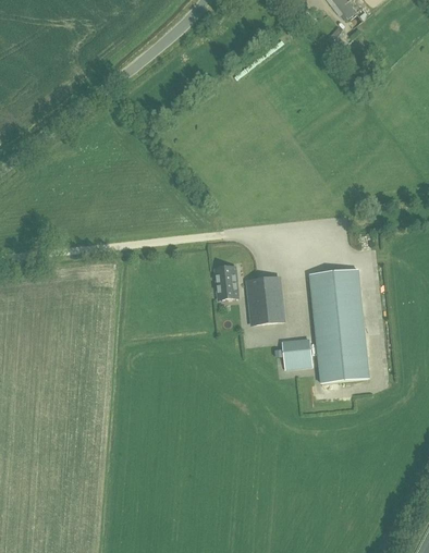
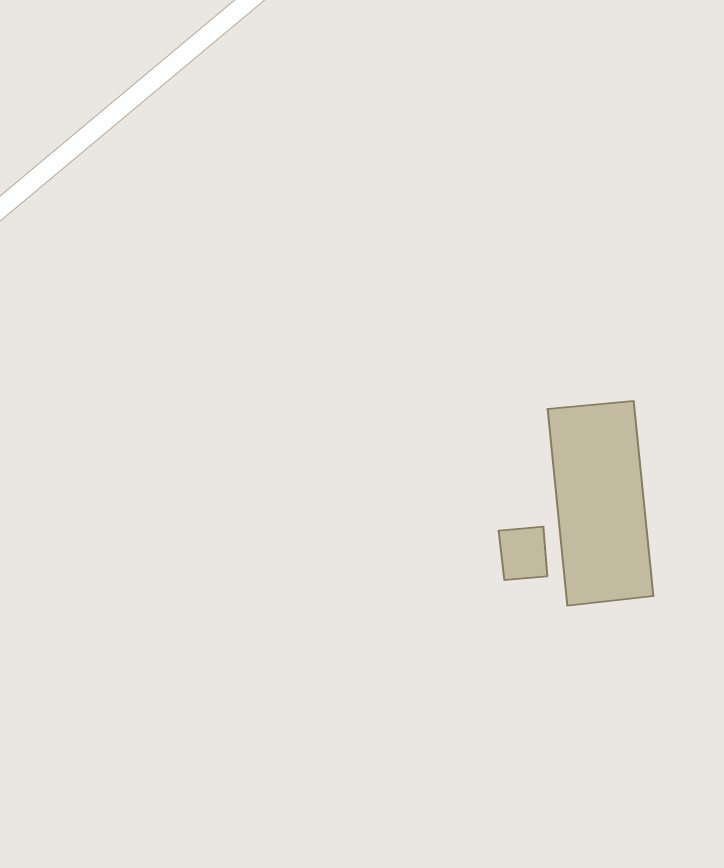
building: [214,266,237,298] -> none
building: [247,276,284,323] -> none

